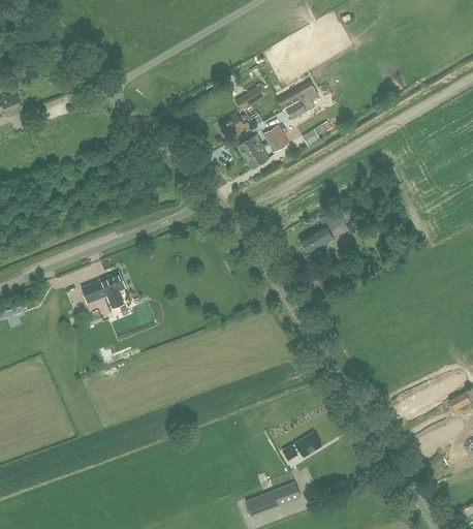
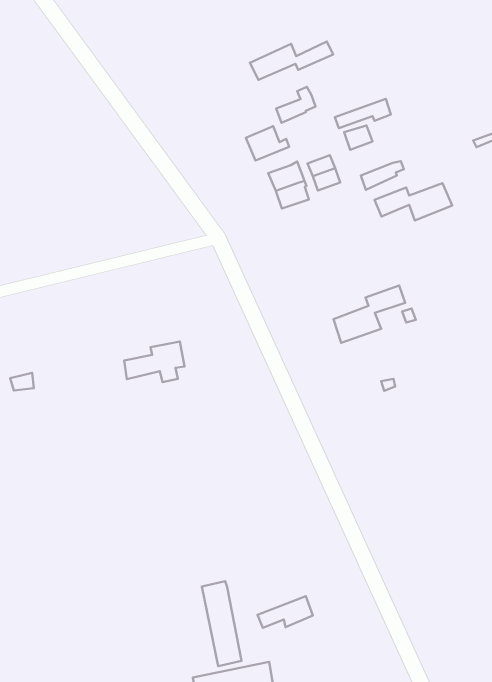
building: none -> [250,42,333,80]
building: none -> [375,183,452,220]
building: [83,272,125,304] -> [124,342,185,382]
building: none -> [202,581,241,666]

